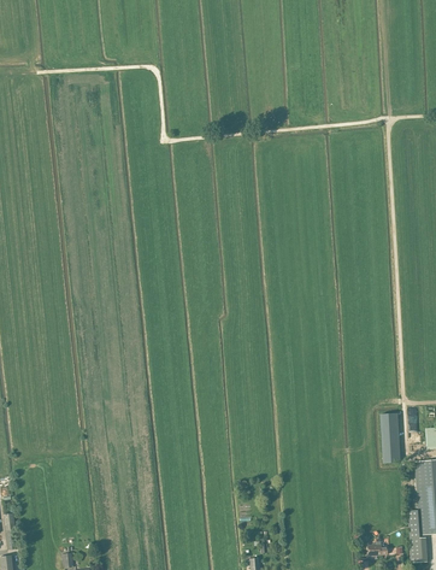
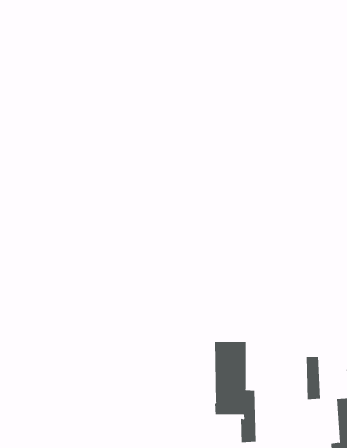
building: none -> [214,341,256,443]

